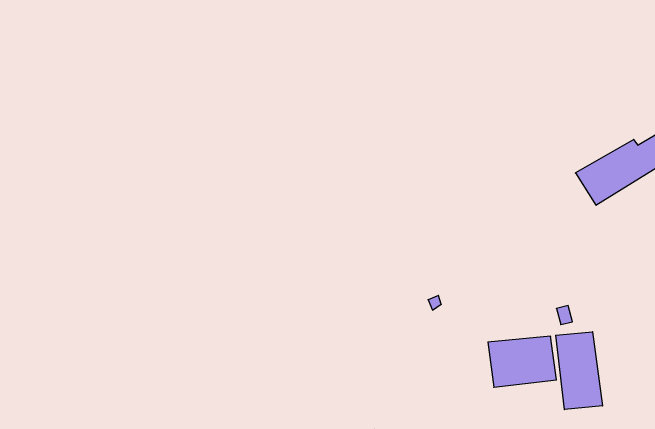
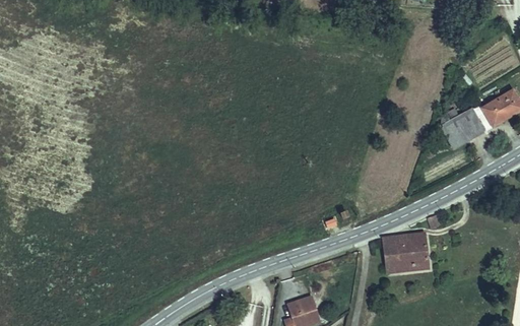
building: [556,332,602,410] -> none

